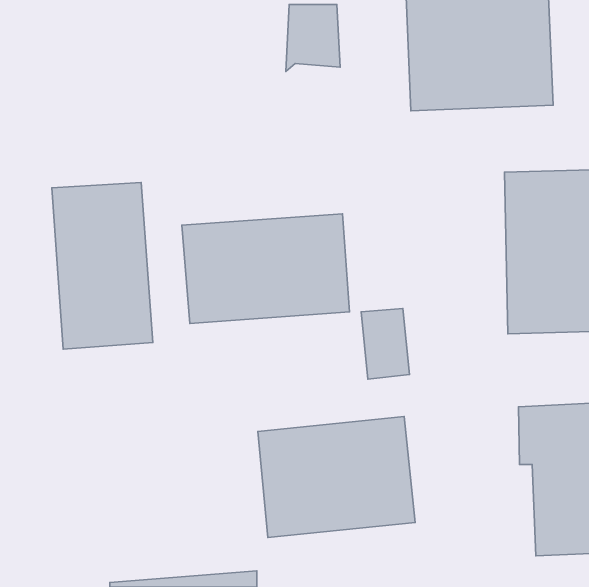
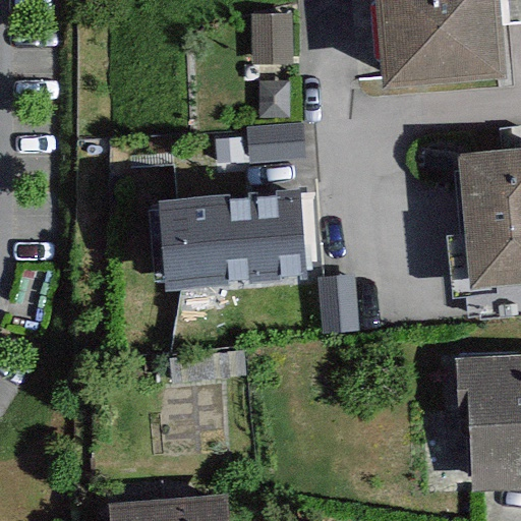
building: [52,182,153,349] -> none
building: [258,416,415,538] -> none

